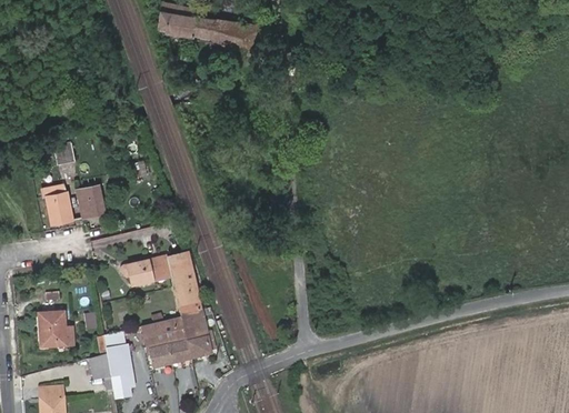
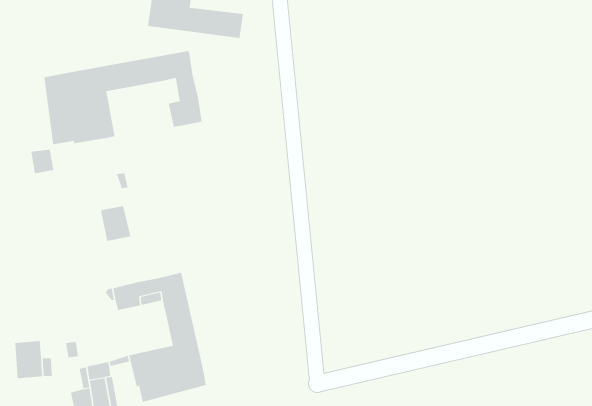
building: none -> [44,50,202,145]
building: [77,184,104,216] -> [100,205,131,241]
building: [46,191,72,223] -> none

